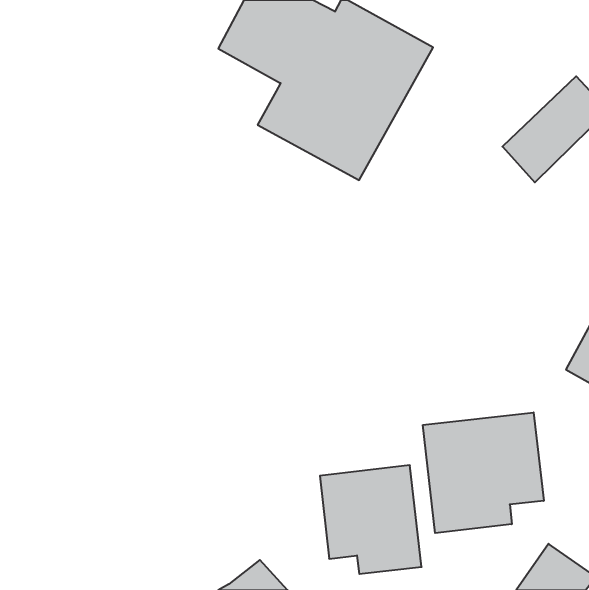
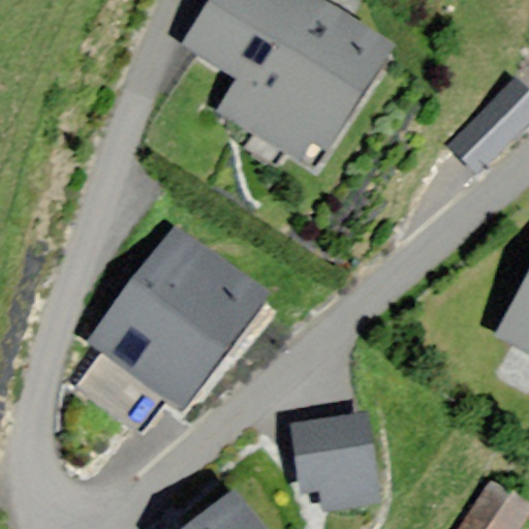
building: none -> [100,239,260,403]
building: [423,412,544,533] -> none

